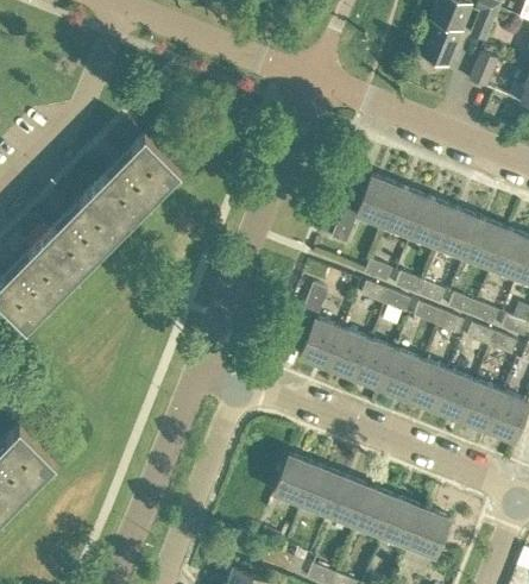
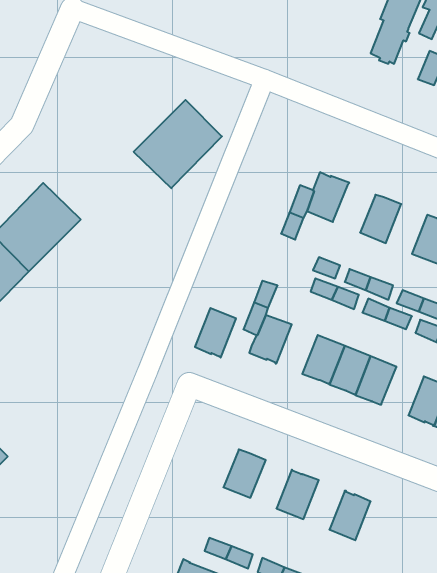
building: [93,134,182,224] -> [134,100,222,188]
building: [385,188,428,237] -> none
building: [439,208,480,258] -> none
building: [328,329,370,379] -> [195,308,236,358]
building: [434,372,477,421] -> none
building: [302,466,344,515] -> none
building: [355,486,397,536] -> none
building: [408,508,452,558] -> none

